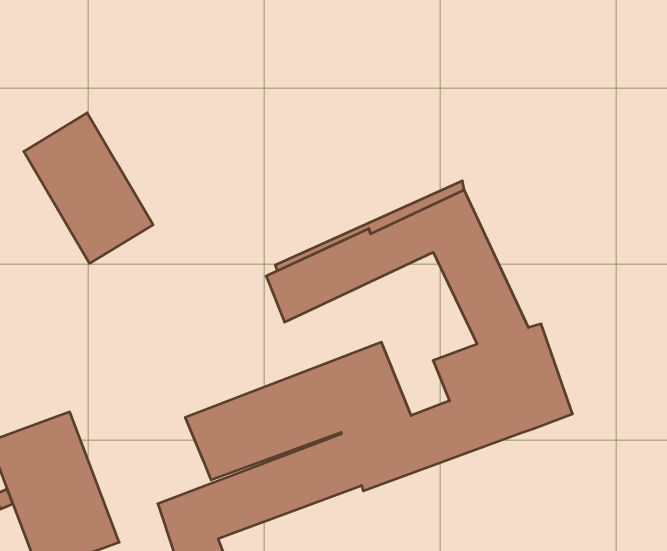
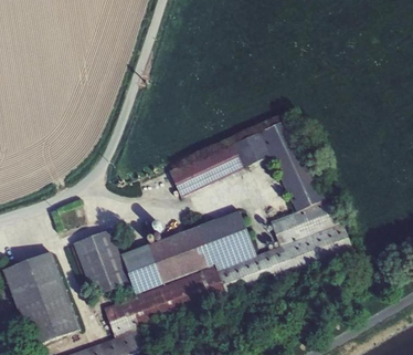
building: [24,113,153,263] -> none
building: none -> [73,228,131,294]

